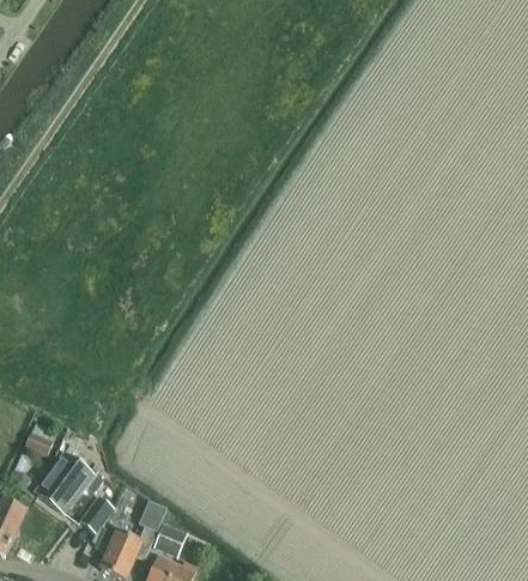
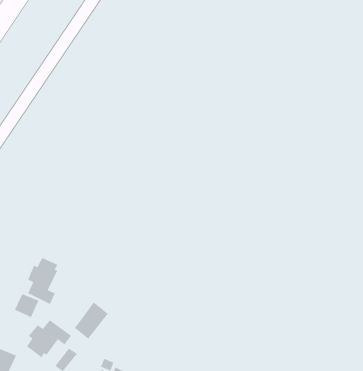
building: none -> [28,257,58,305]
building: none -> [74,302,108,339]

